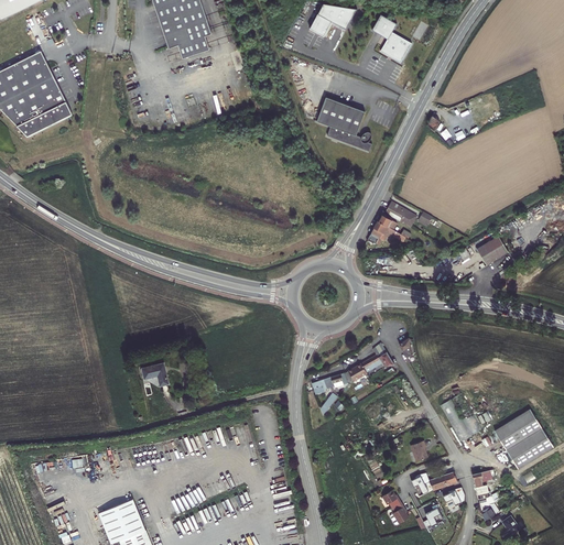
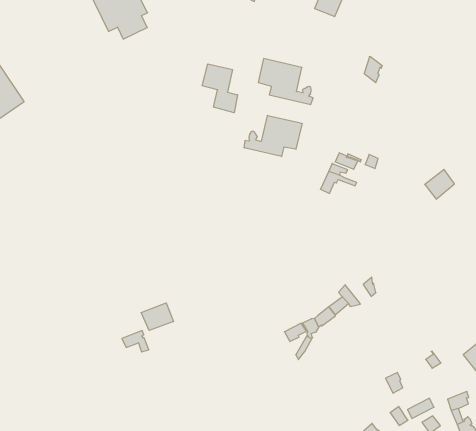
building: none -> [202,64,238,113]
building: none -> [244,115,302,157]
building: none -> [141,303,174,330]

